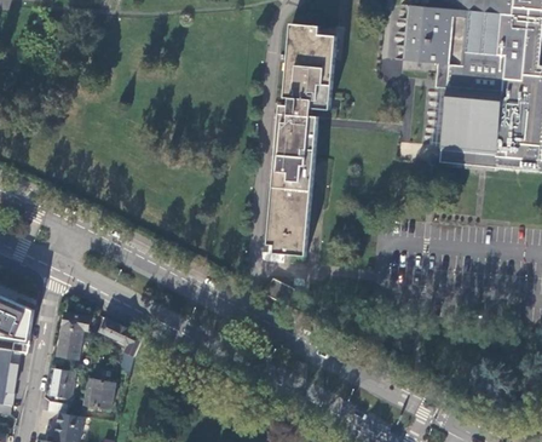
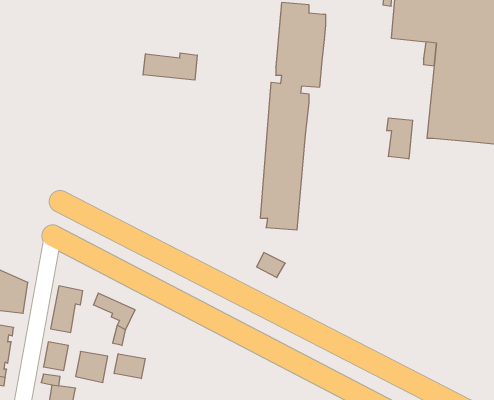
building: none -> [143,53,197,80]
building: none -> [387,118,413,159]
building: none -> [114,354,145,379]

